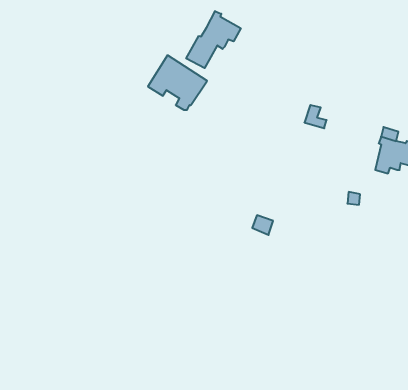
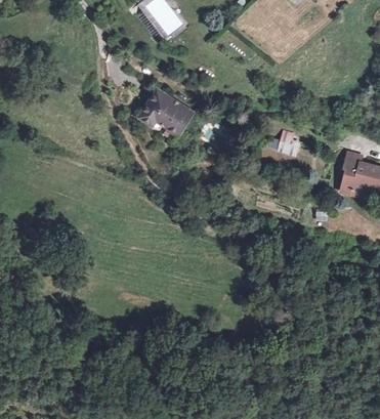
building: [186,11,241,68] -> none

